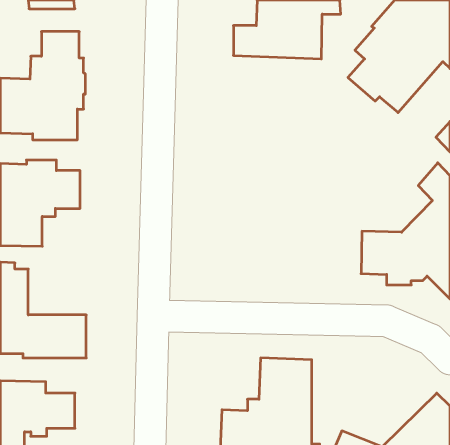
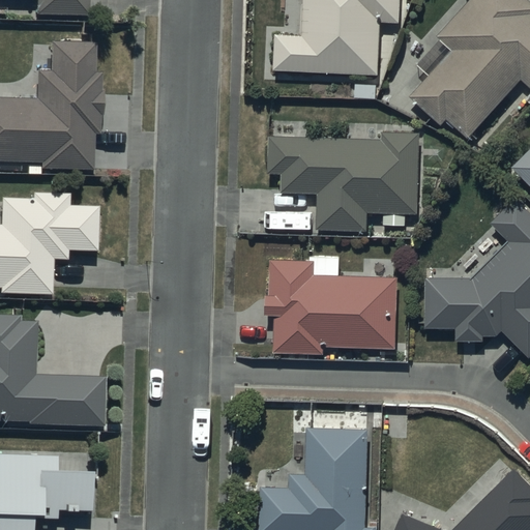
building: none -> [268,126,418,231]
building: none -> [265,257,396,354]

